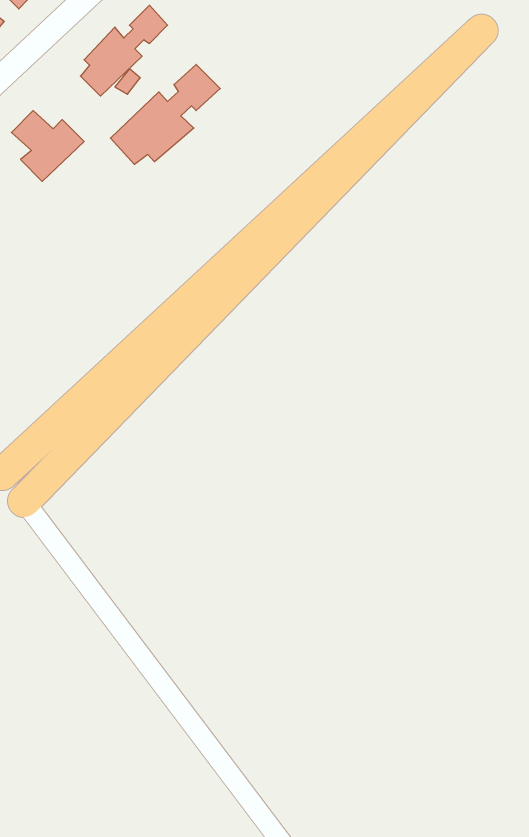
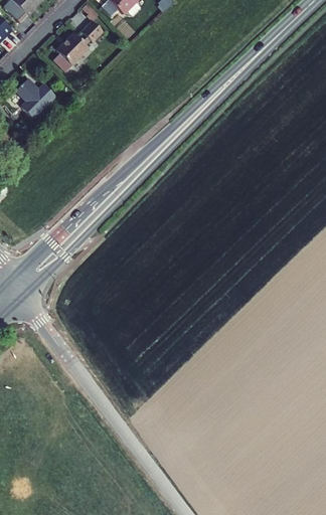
building: [110,64,220,164] -> none

